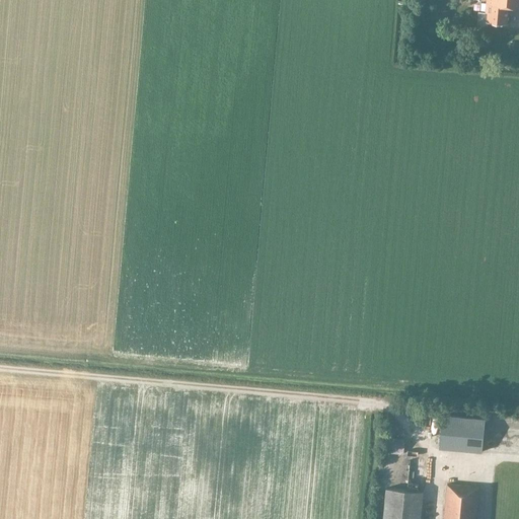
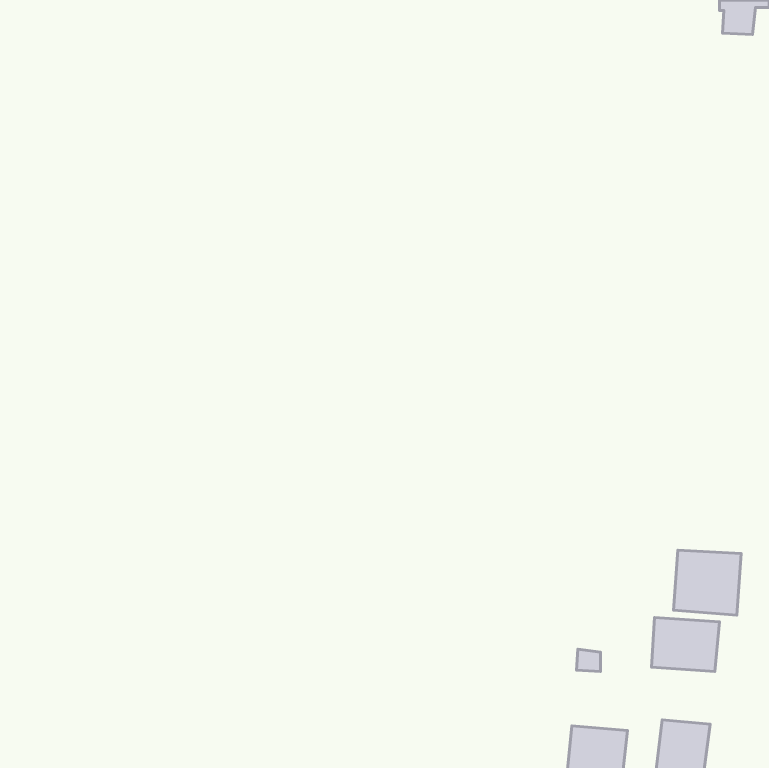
building: none -> [674,550,741,615]

